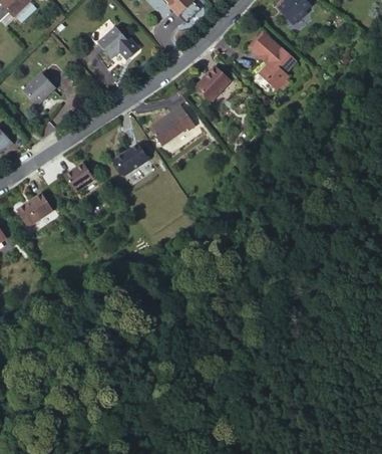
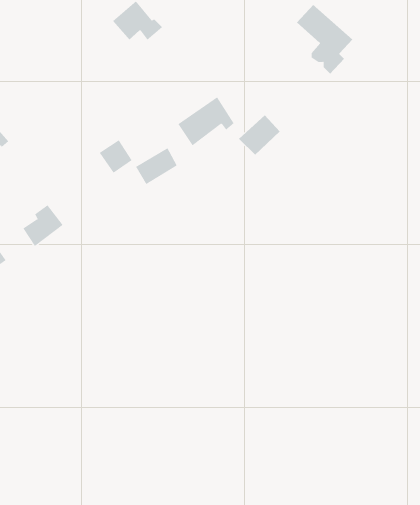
building: [198,67,233,101] -> [238,114,281,156]
building: [21,72,53,104] -> none
building: [64,165,92,193] -> [99,139,133,173]

